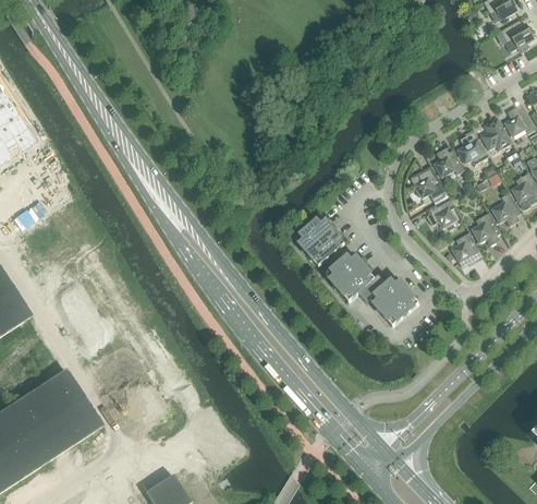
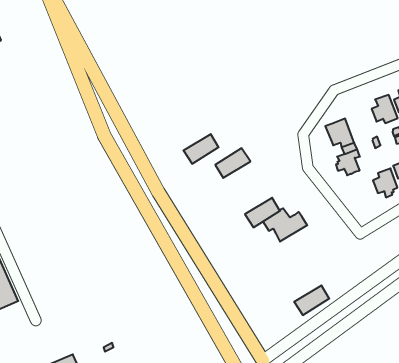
building: [434,148,464,176] -> none
building: [306,229,344,265] -> [183,134,219,164]
building: [451,231,483,266] -> none
building: [326,252,364,288] -> none
building: [380,289,418,325] -> [294,285,329,315]

